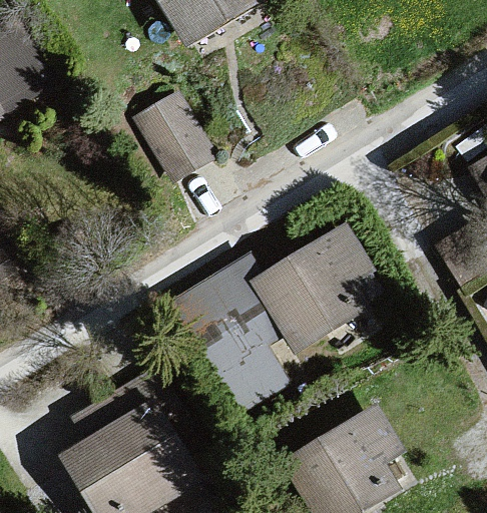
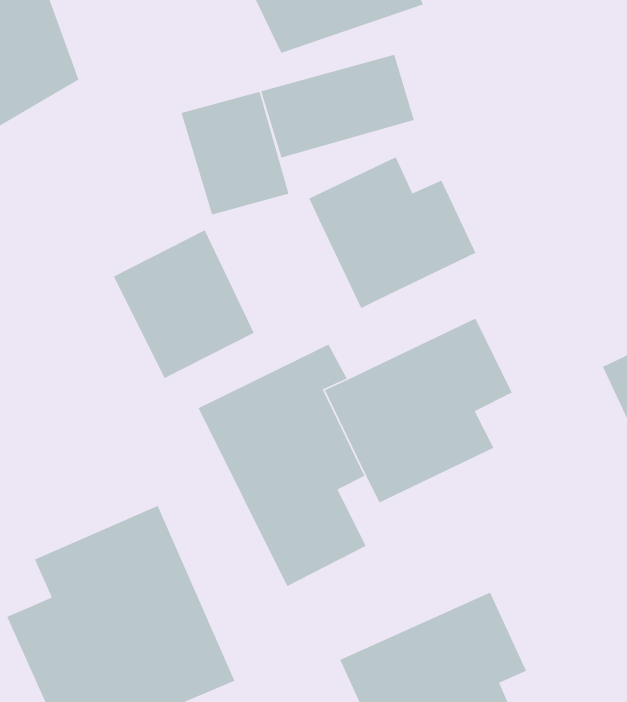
building: none -> [260,54,415,158]
building: none -> [308,156,477,309]
building: none -> [113,229,255,379]

